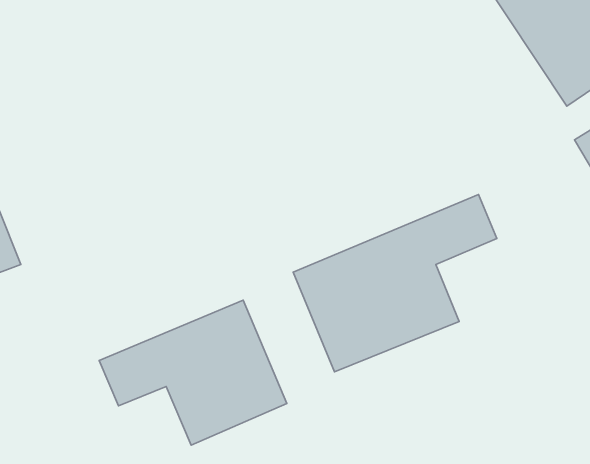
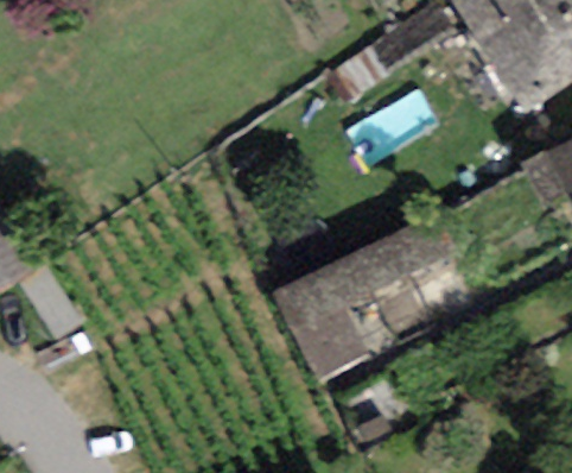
building: [99,300,287,445] -> none

